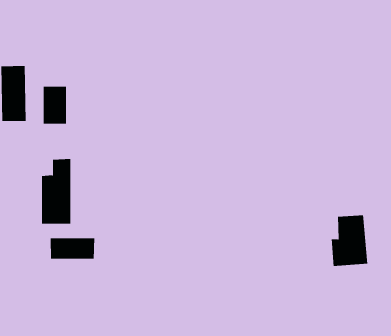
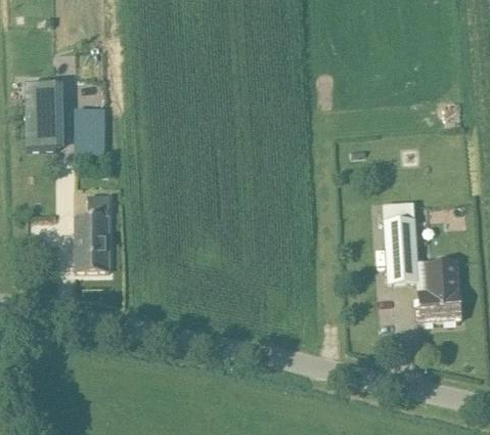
building: none -> [384,217,426,288]
building: [50,238,95,259] -> none

